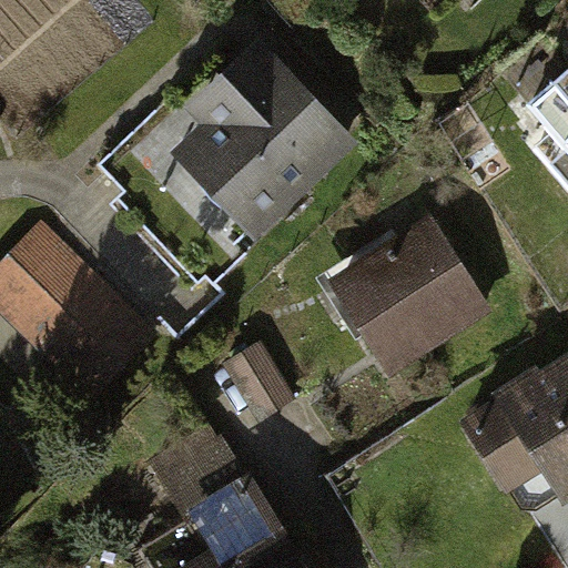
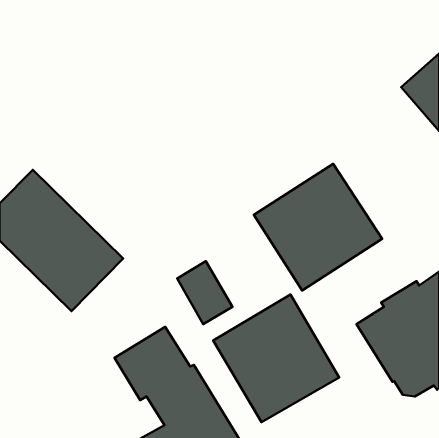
building: [169,39,357,242] -> none
building: none -> [213,294,339,422]

